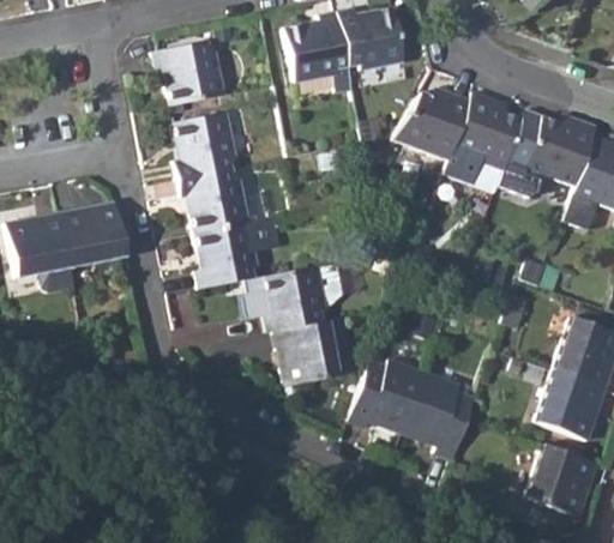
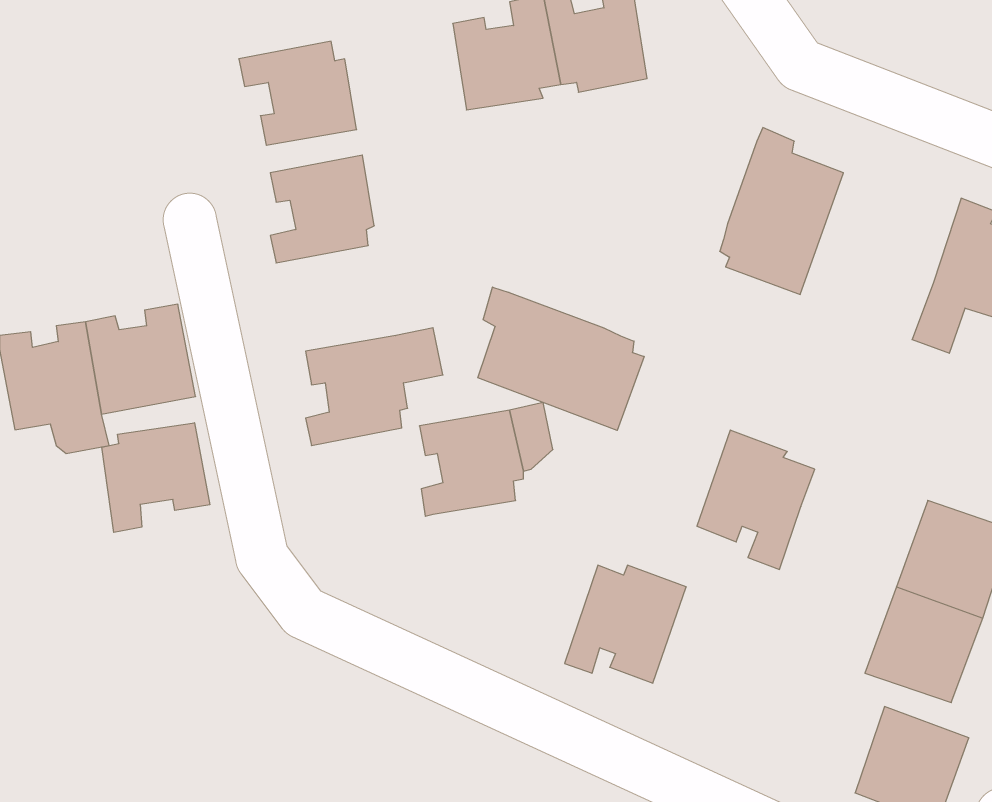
building: [391,92,469,161] -> none
building: [523,119,597,187] -> none
building: [175,164,248,229] -> none
building: none -> [478,287,644,430]
building: none -> [102,423,210,532]
building: [271,318,339,384] -> none
building: [405,373,477,458] -> [697,430,815,569]

